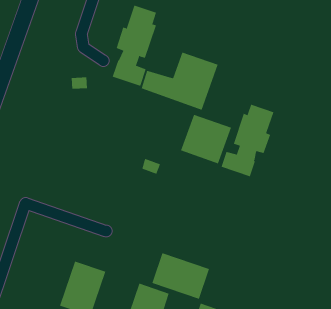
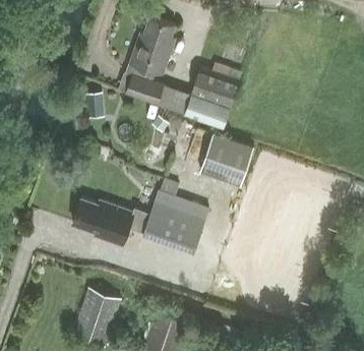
building: [221,104,274,177] -> none
building: none -> [74,198,135,245]
building: [151,252,210,299] -> [143,201,205,251]

